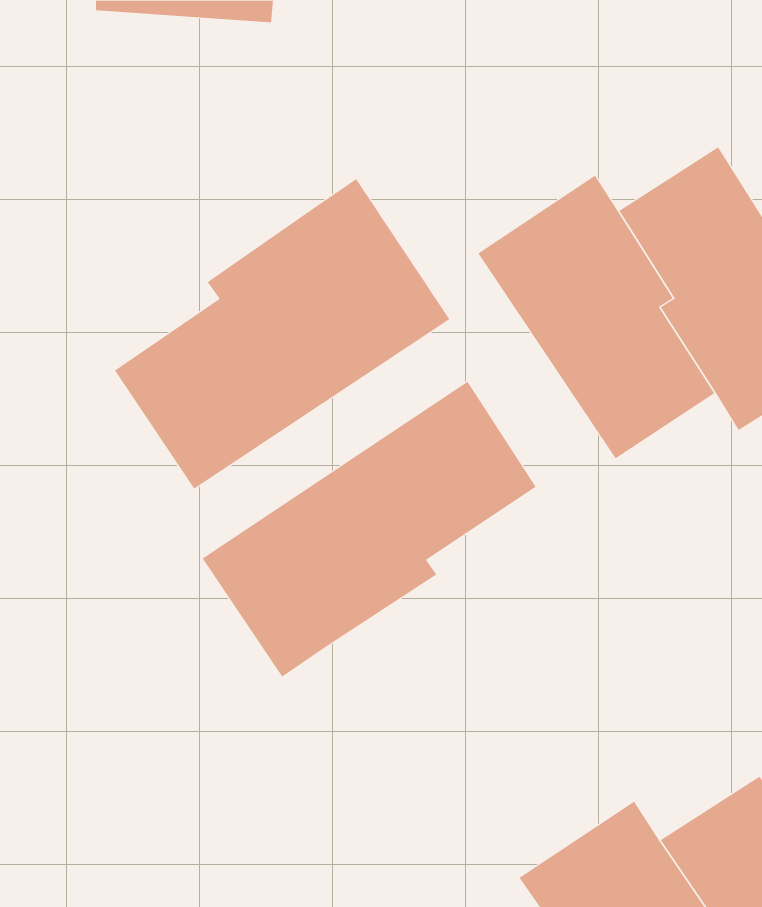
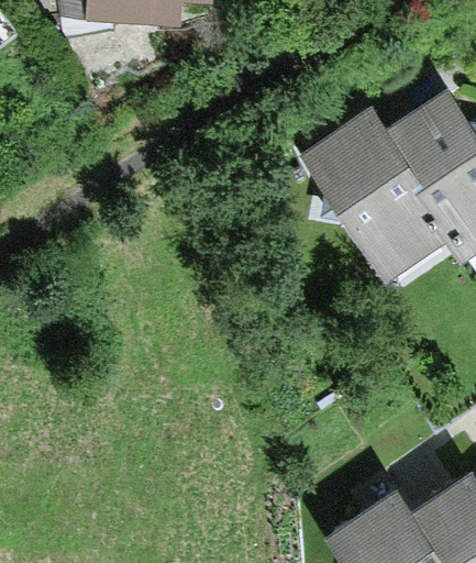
building: [114,178,450,490] -> none
building: [202,381,537,677] -> none

